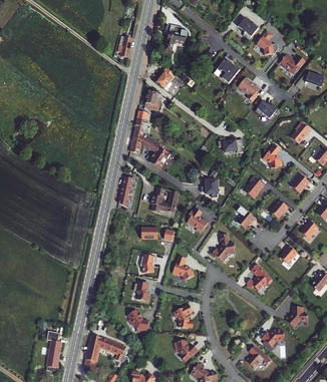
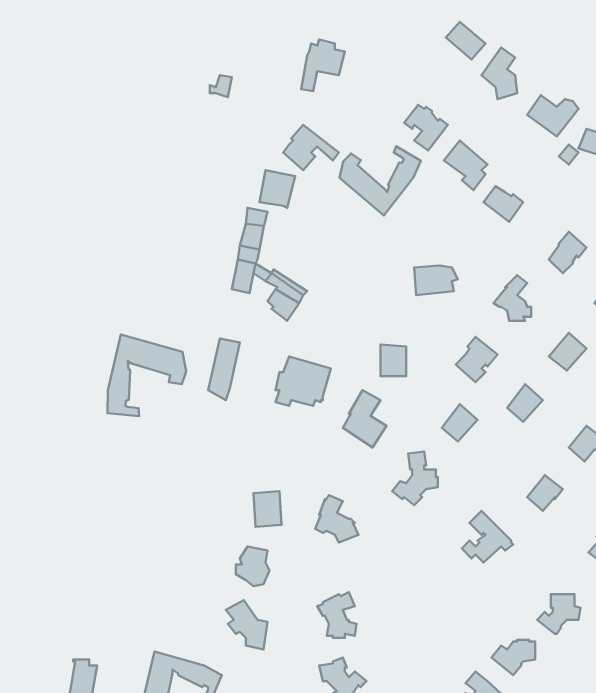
building: none -> [340,146,421,216]
building: none -> [108,334,186,416]

